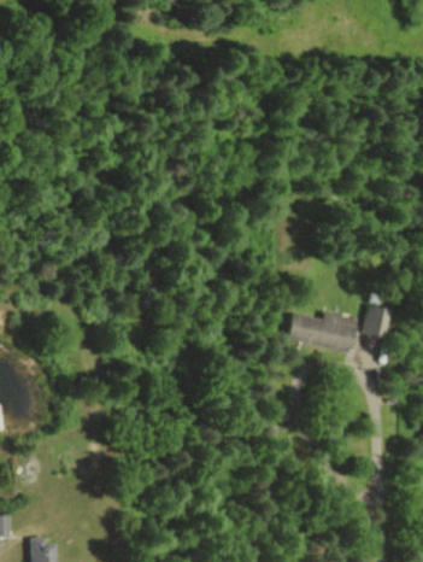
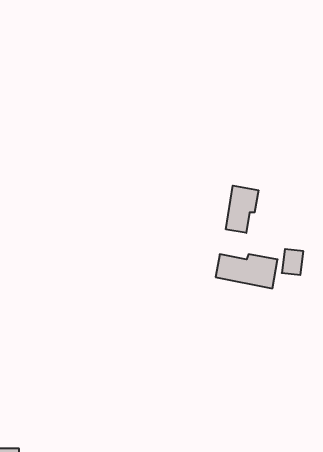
building: none -> [226,186,258,233]

